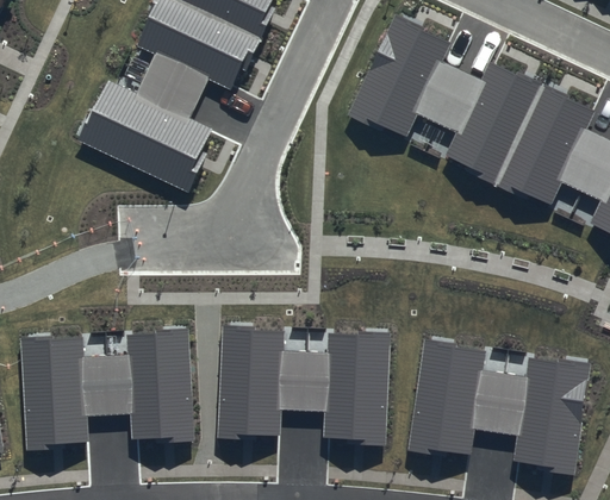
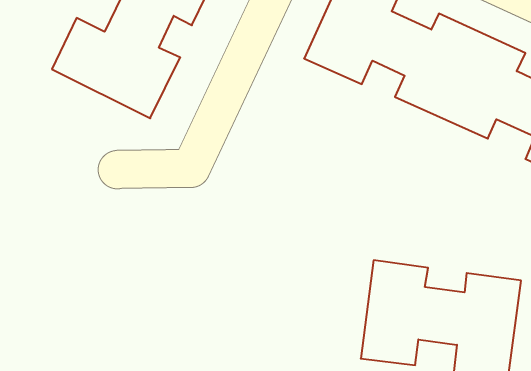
building: [20,327,194,449] -> none
building: [218,327,390,448] -> none

